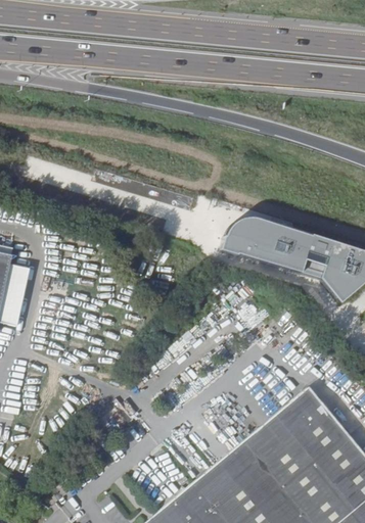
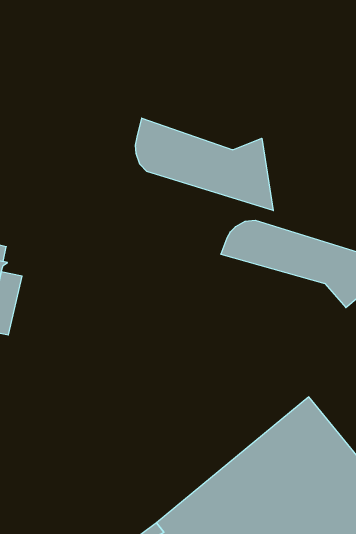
building: none -> [136,118,273,211]

